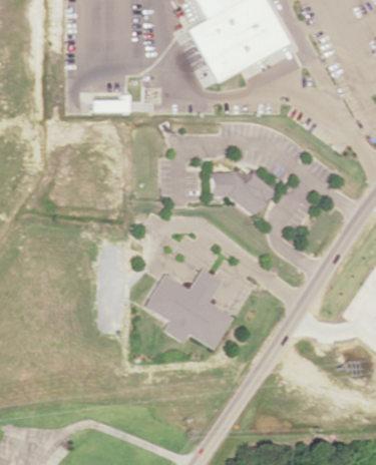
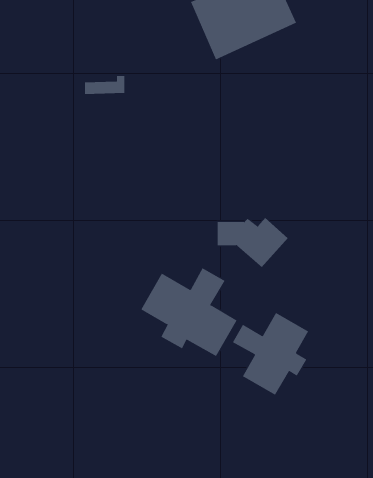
building: [211,169,276,215] -> [217,217,288,268]
building: none -> [232,312,309,395]

